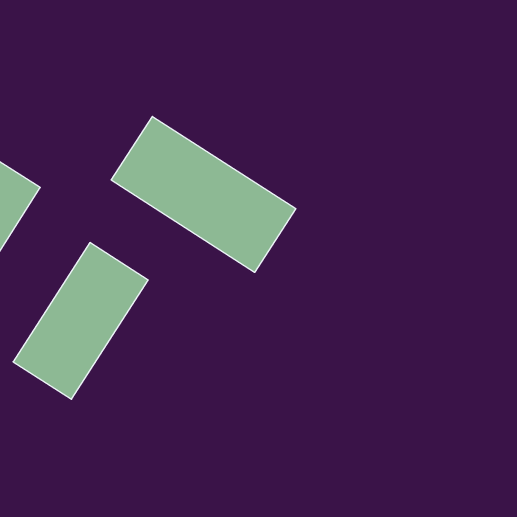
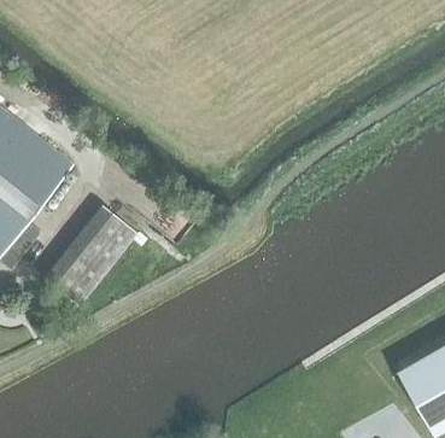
building: [111,116,296,272] -> none

